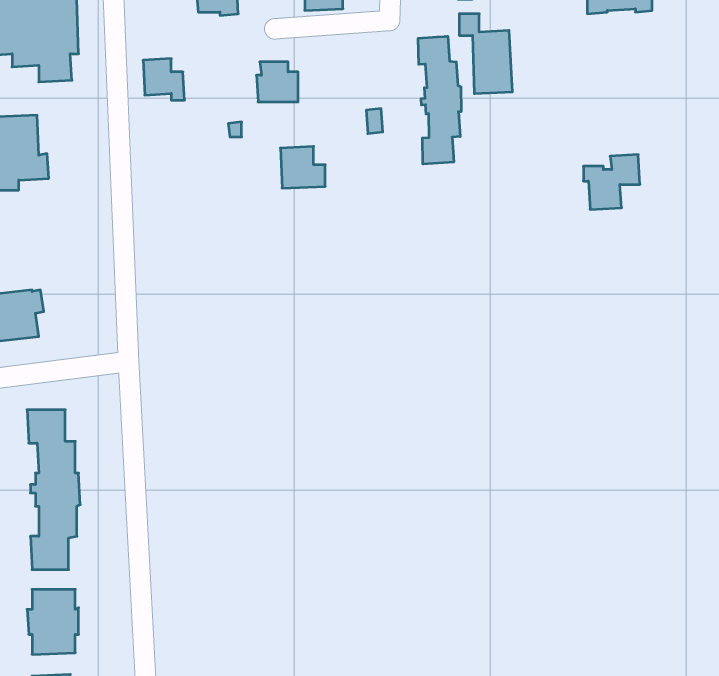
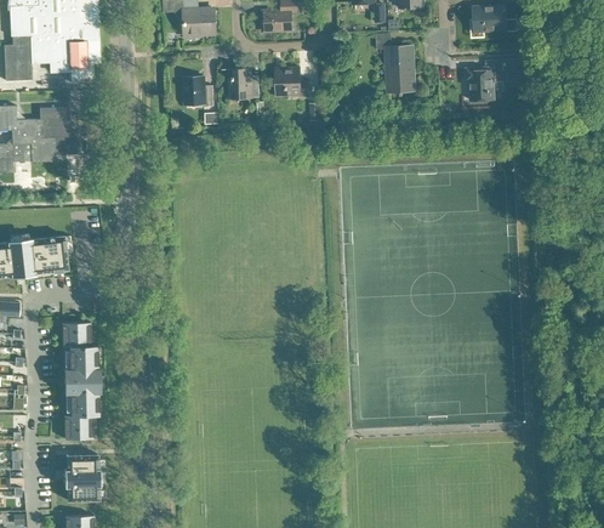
building: [418,36,461,164] -> none
building: [143,59,185,100] -> [182,76,212,107]
building: [280,146,325,188] -> [274,67,307,97]
building: [583,155,640,209] -> [465,61,506,101]

